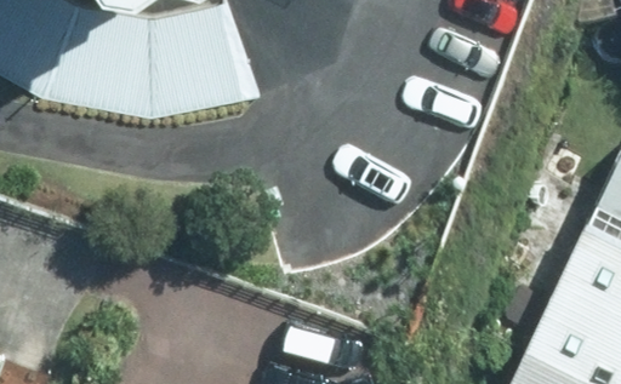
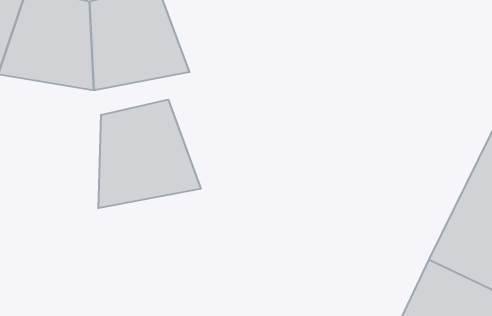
building: none -> [98,100,201,208]

